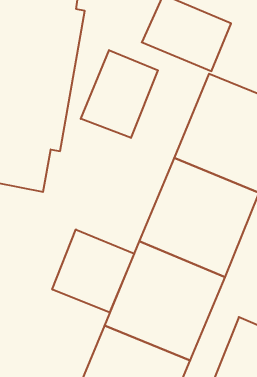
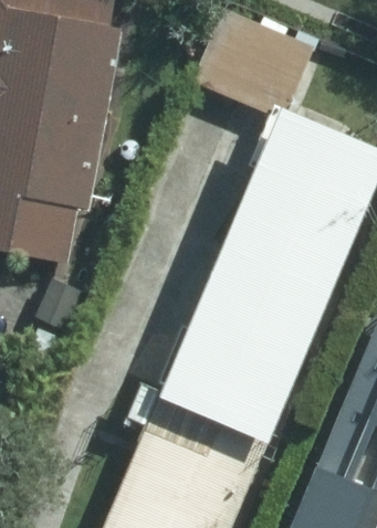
building: [81,50,158,138] -> none
building: [52,229,134,313] -> none

